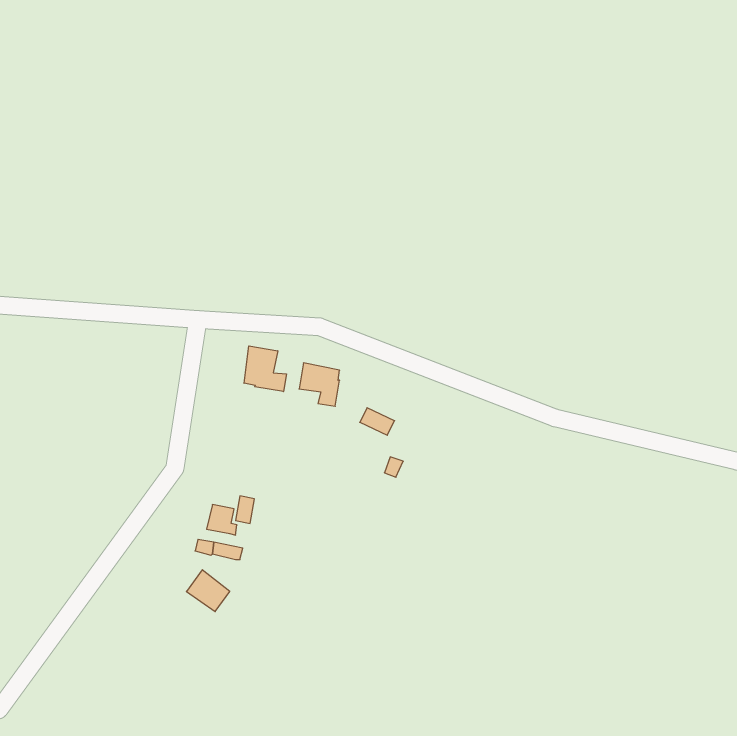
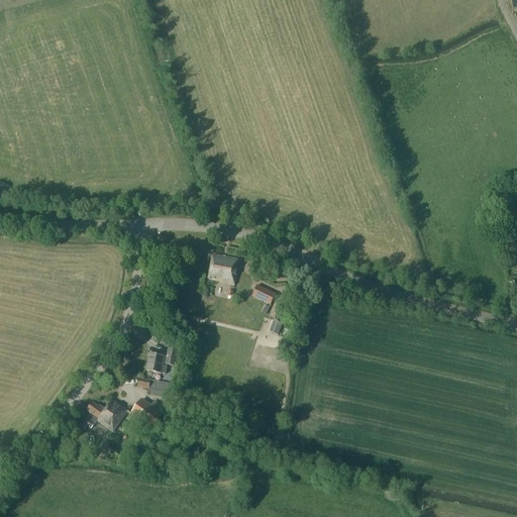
building: [244,346,286,392] -> none
building: none -> [82,399,127,430]

